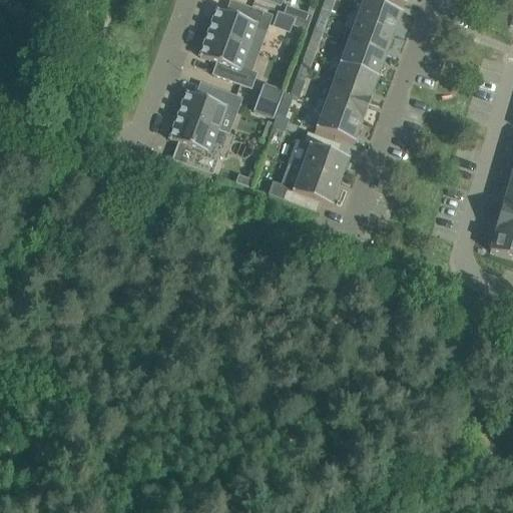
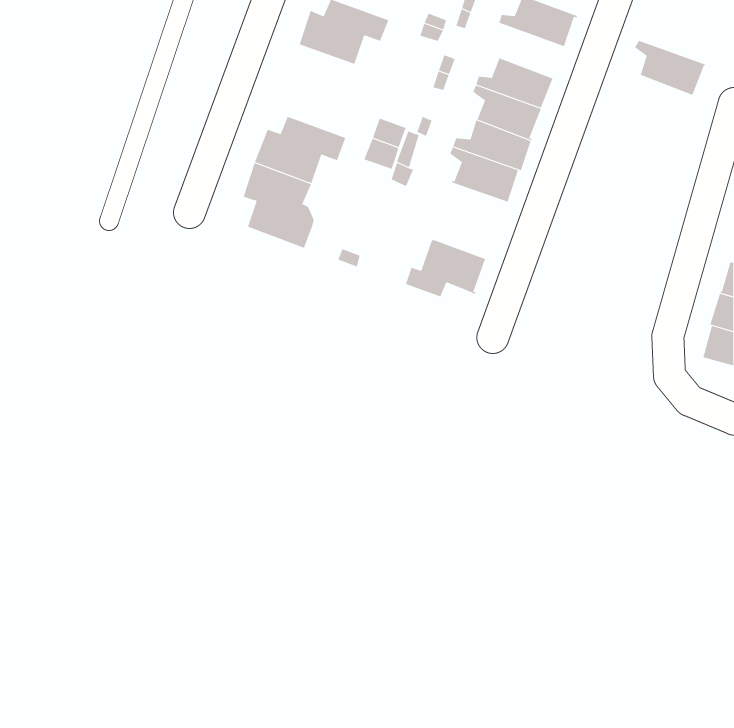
building: [345,16,395,55] -> [634,40,706,96]
building: [199,31,256,87] -> none
building: [301,130,350,181] -> none

